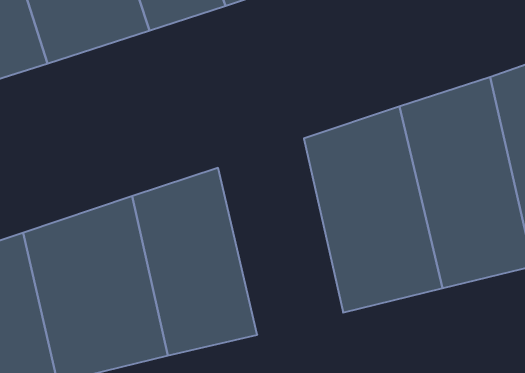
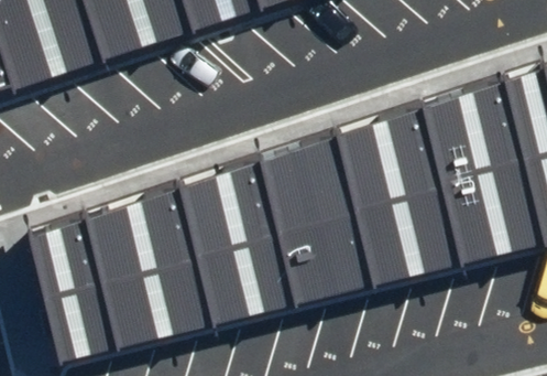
building: none -> [241,136,353,312]

